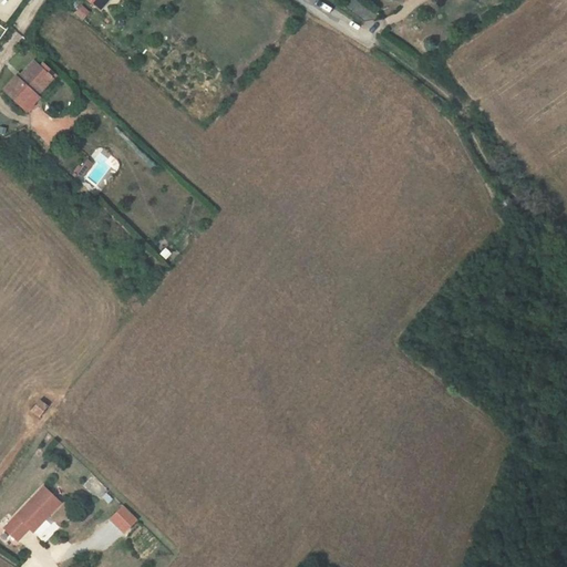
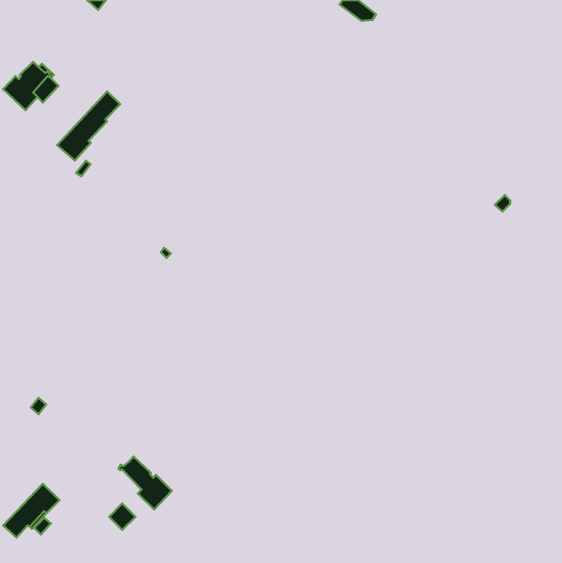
building: none -> [57,92,120,161]
building: none -> [119,457,172,510]

